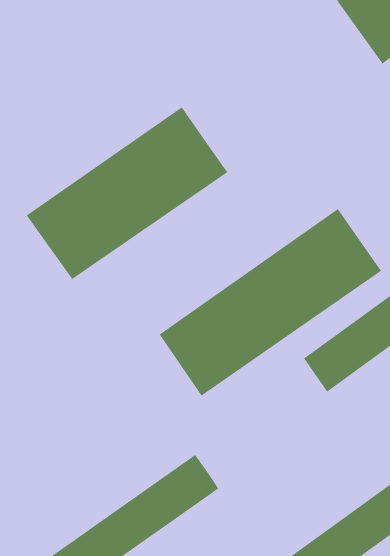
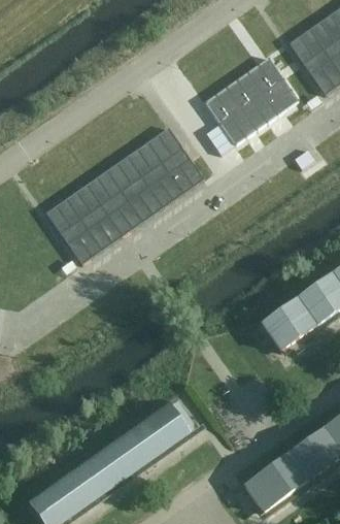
building: none -> [198,66,292,154]
building: [159,208,382,397] -> none

